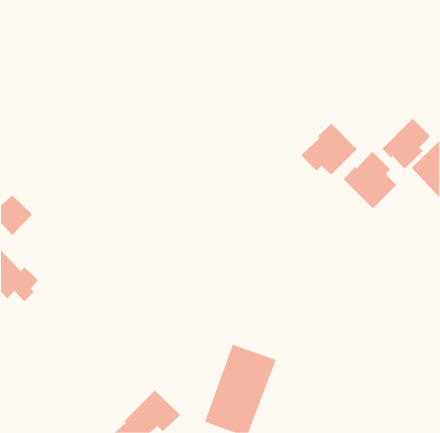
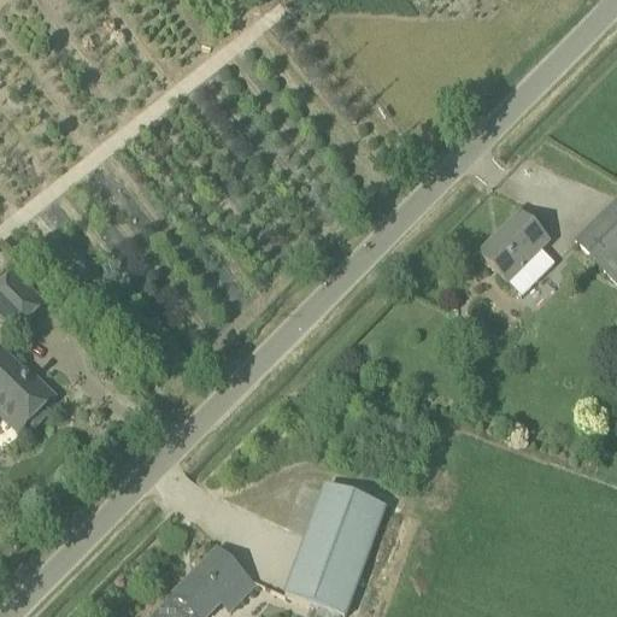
building: [382,118,431,171] -> none
building: [299,123,358,176] -> none

